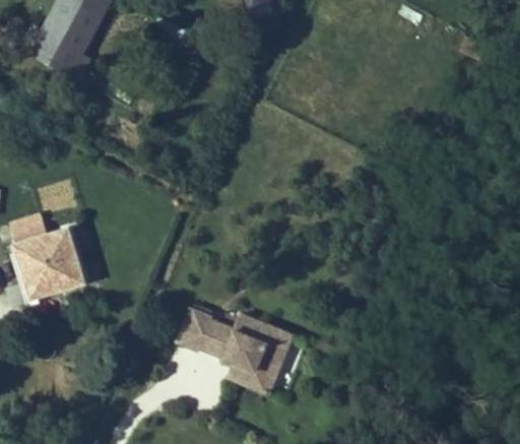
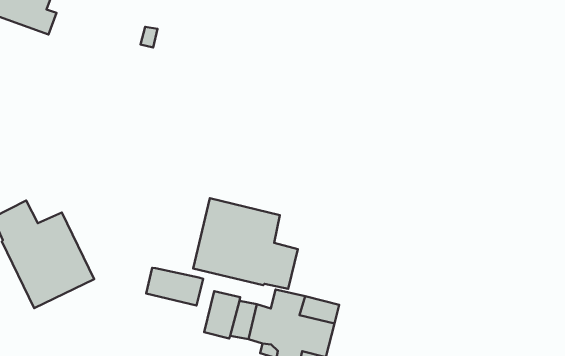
building: none -> [193,198,298,289]
building: none -> [146,268,203,306]

